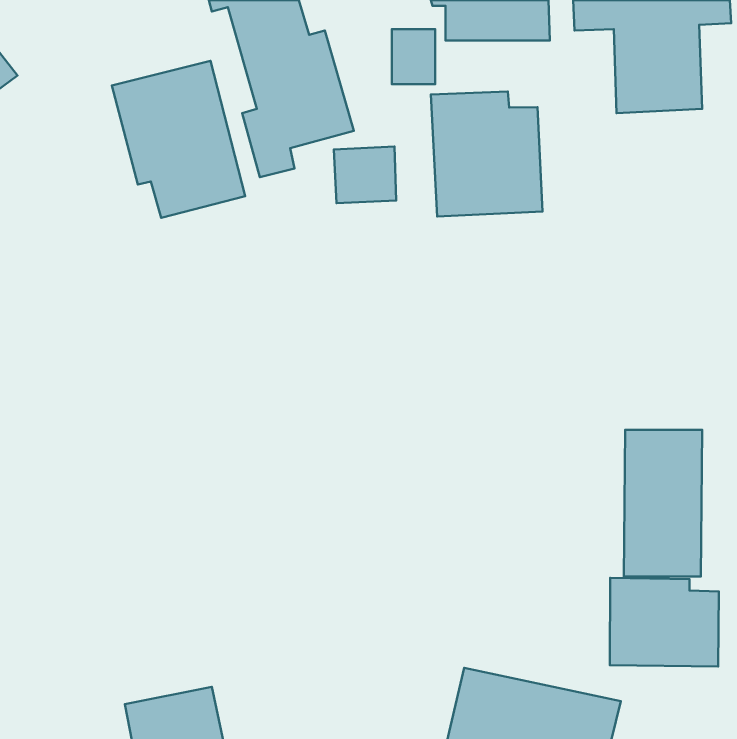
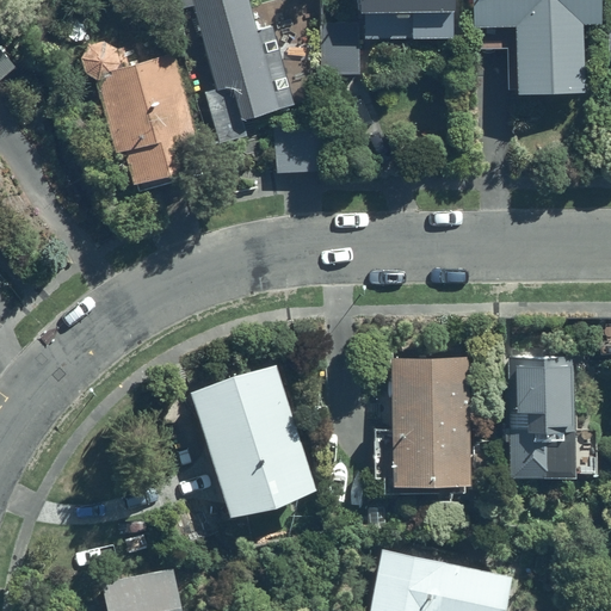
building: [431,91,542,216] -> none
building: none -> [393,356,473,487]
building: none -> [191,364,315,517]
building: [610,578,719,666] -> none

